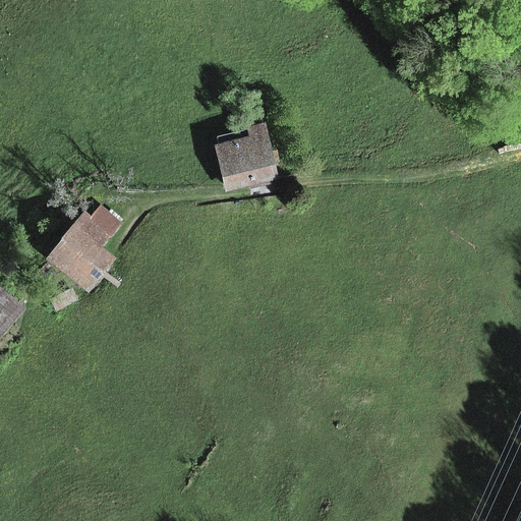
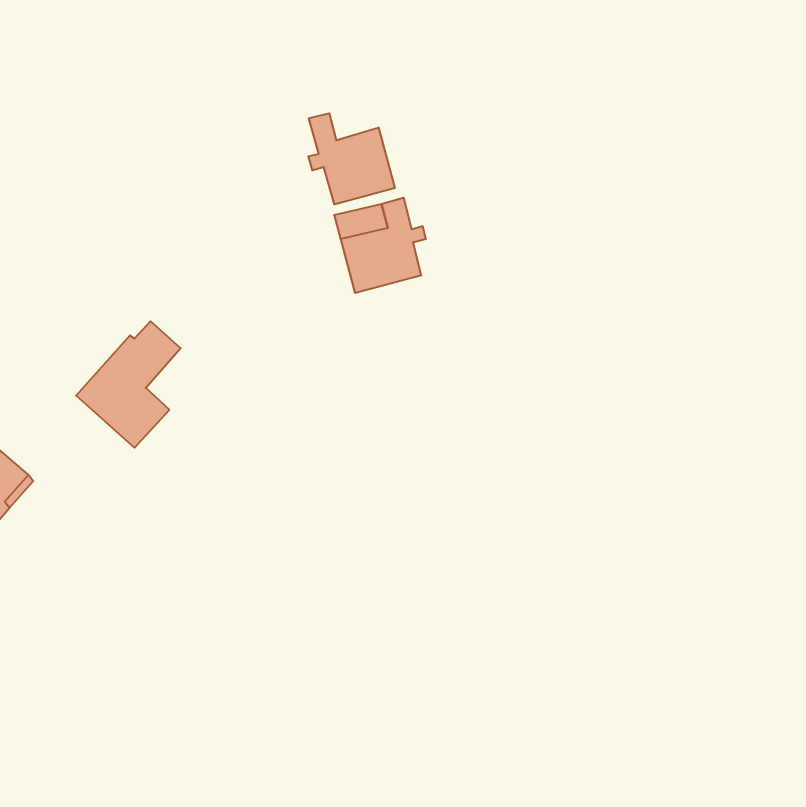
building: none -> [308,113,395,204]

